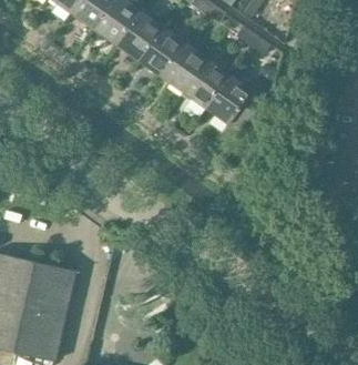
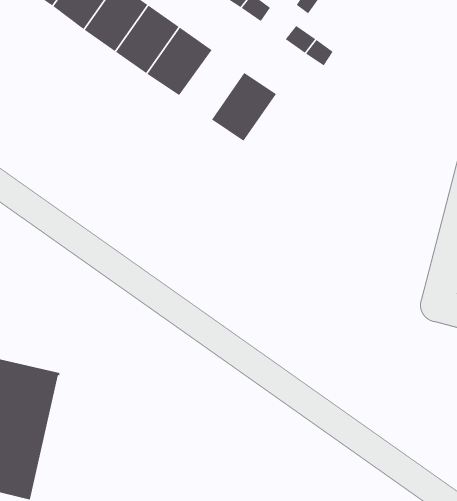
building: [162,43,207,92] -> none
building: [207,74,267,130] -> none

